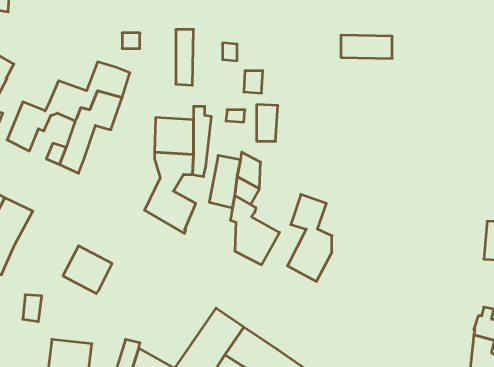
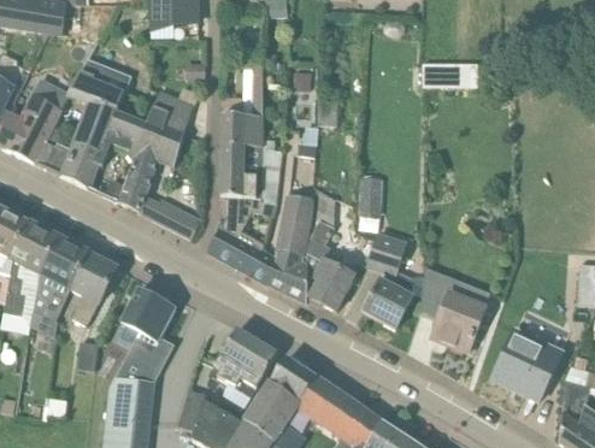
building: none -> [67,66,129,143]
building: none -> [222,114,263,153]
building: [257,105,278,141] -> [359,177,382,217]
building: none -> [139,195,200,238]
building: none -> [267,242,308,302]
building: none -> [70,252,117,325]
building: none -> [419,267,490,350]
building: none -> [216,328,277,396]
building: none -> [491,330,561,401]
building: none -> [110,331,175,395]

